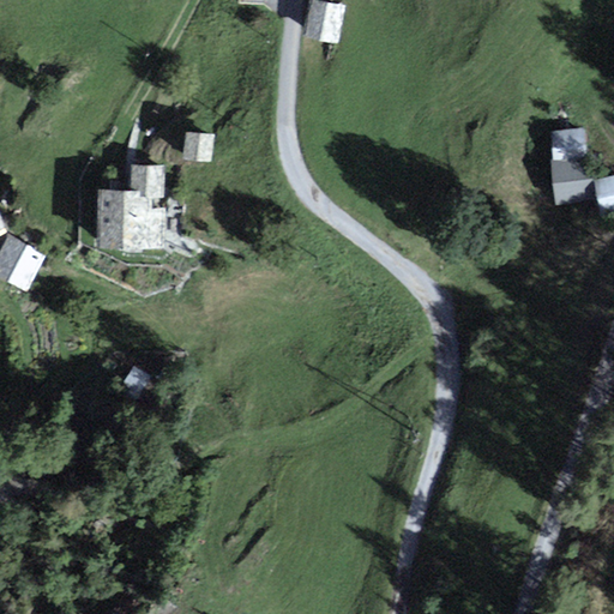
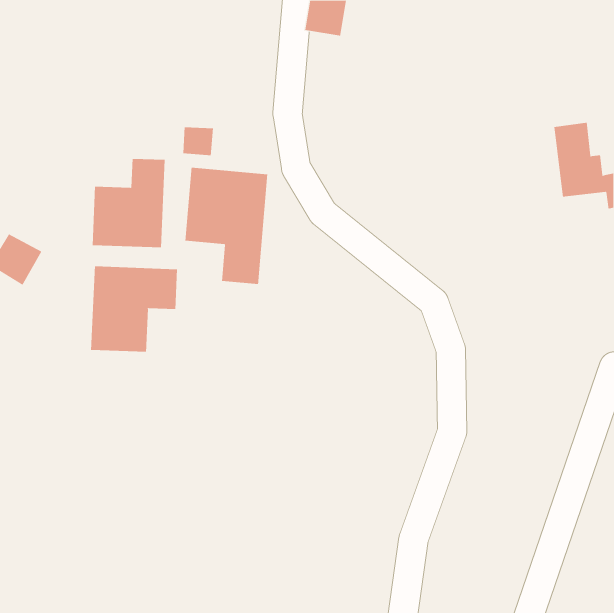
building: none -> [185,167,268,285]
building: none -> [91,266,178,353]

